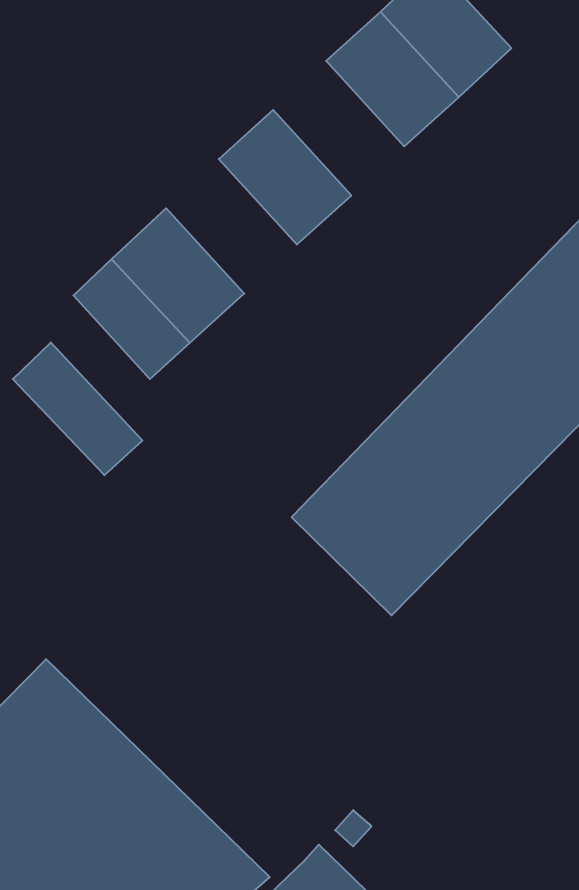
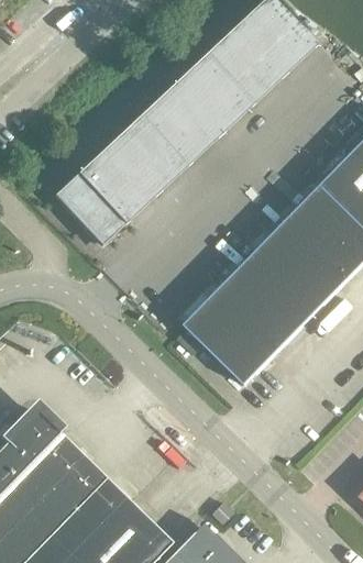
building: none -> [174,49,253,131]
building: none -> [109,109,188,190]
building: [13,342,142,475] -> none

